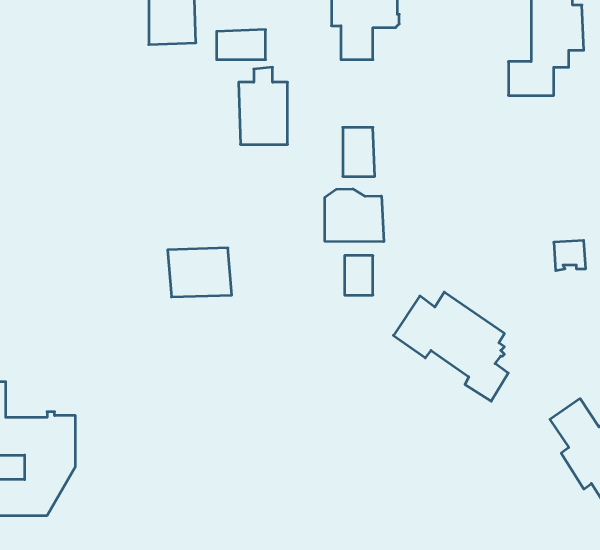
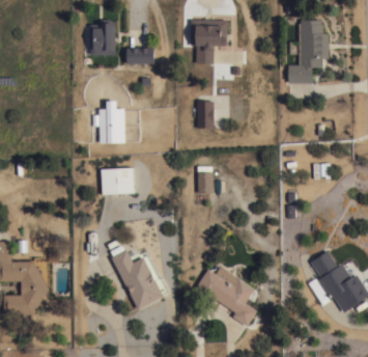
building: [239,67,288,144] -> [97,100,124,142]
building: [325,189,384,242] -> none
building: [393,292,508,401] -> [193,266,256,326]
building: none -> [109,244,167,309]

